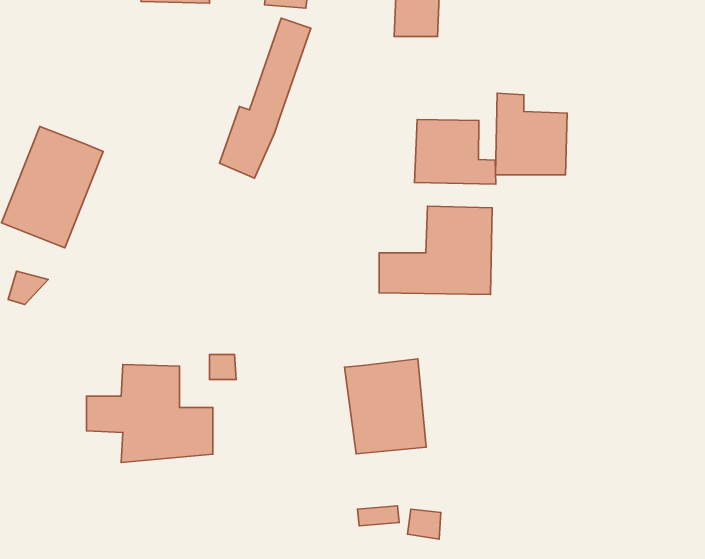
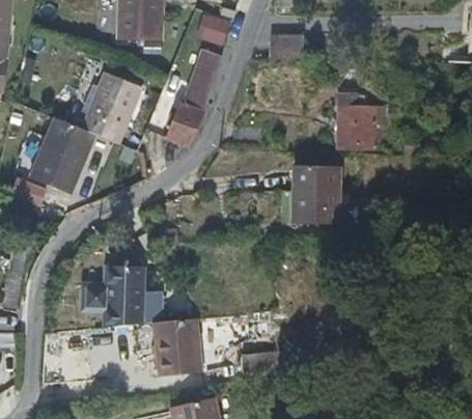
building: none -> [82,71,141,141]
building: [414,119,496,184] -> none
building: [345,359,426,454] -> [151,316,202,375]

